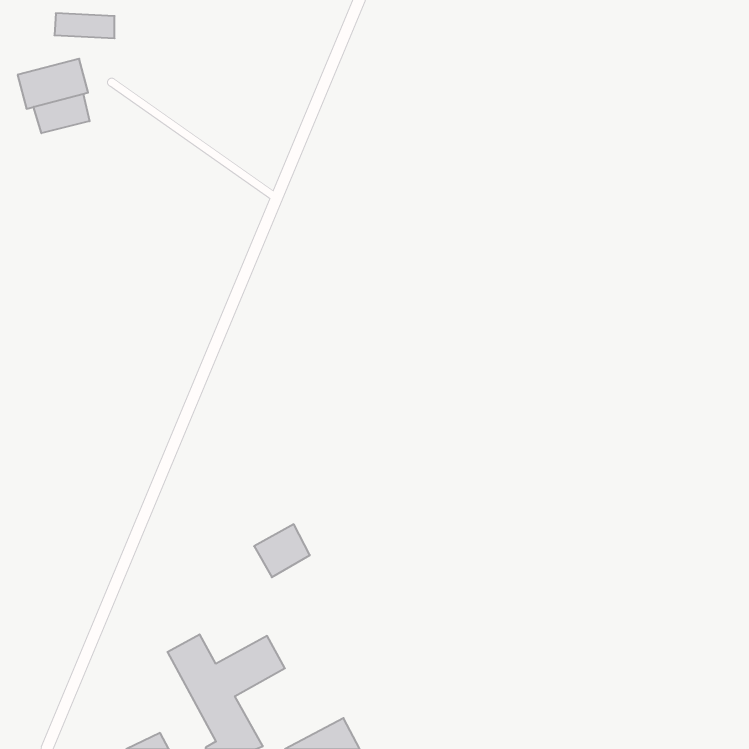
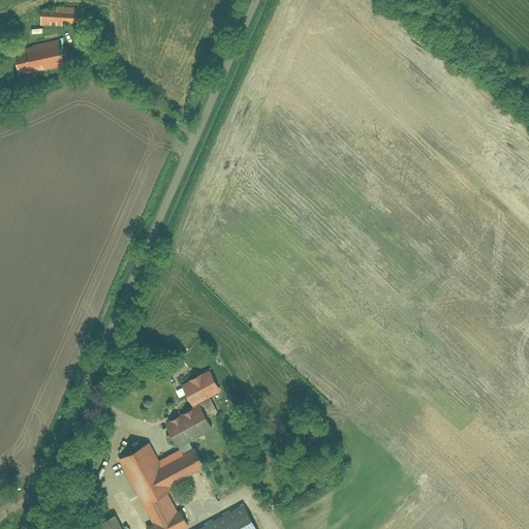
building: [34,94,90,133] -> none
building: none -> [163,405,211,448]

